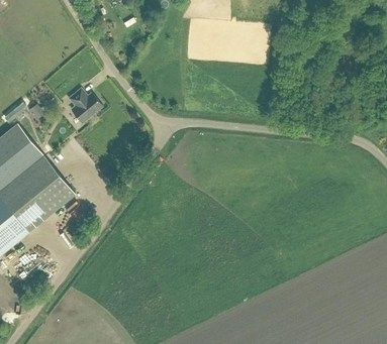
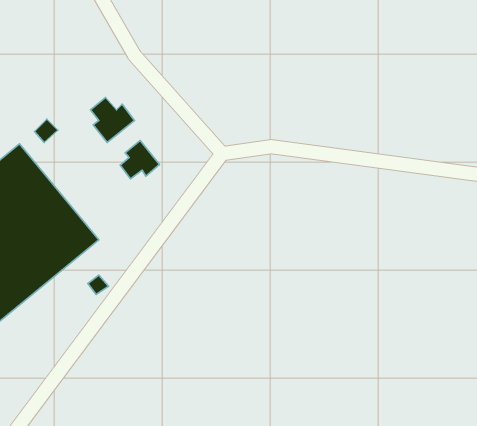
building: none -> [120,140,160,179]

